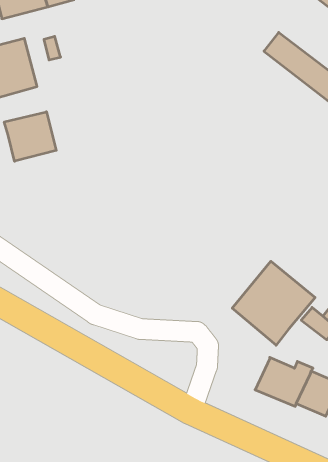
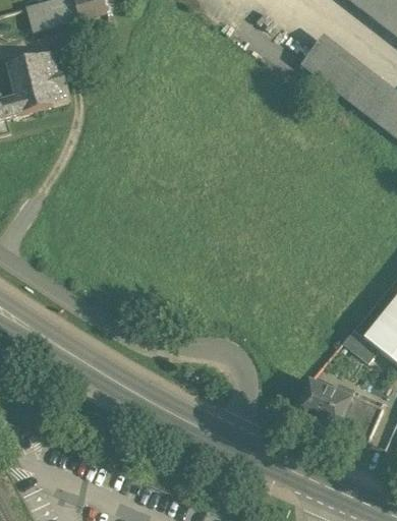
building: [4,112,56,161] -> none
building: [232,261,315,345] -> none

